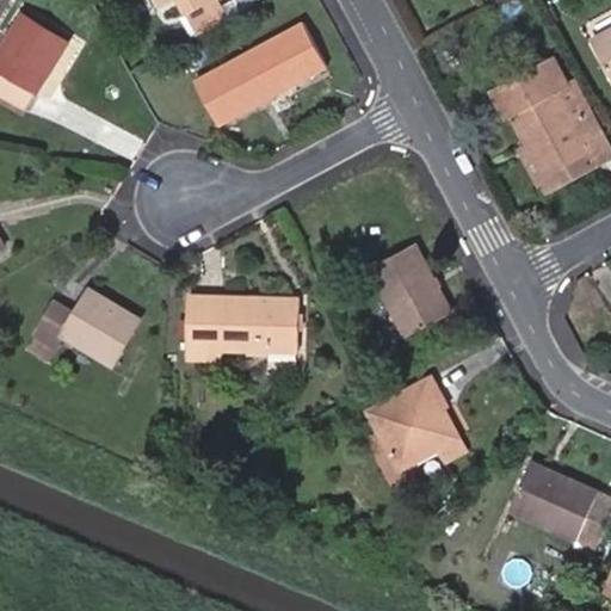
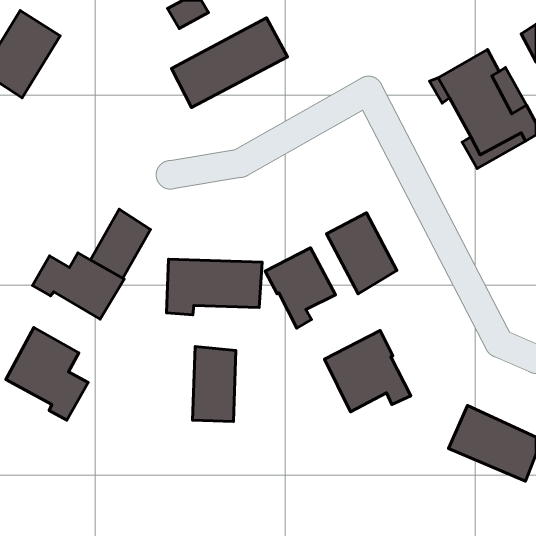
building: none -> [91,209,151,278]
building: none -> [265,248,335,328]
building: none -> [6,327,88,420]
building: none -> [193,346,236,421]

